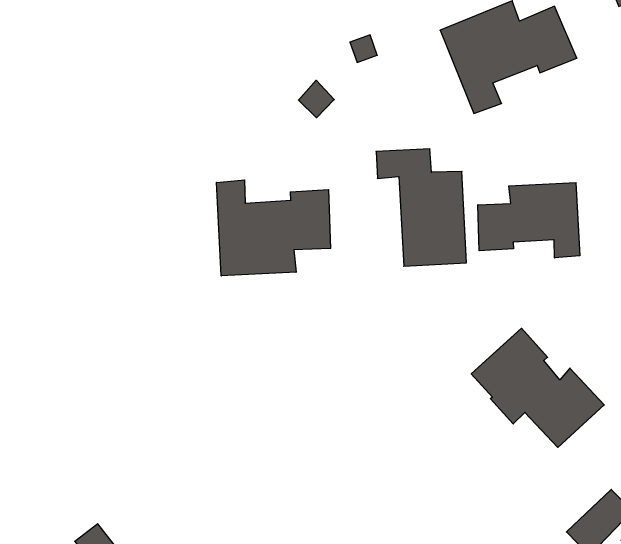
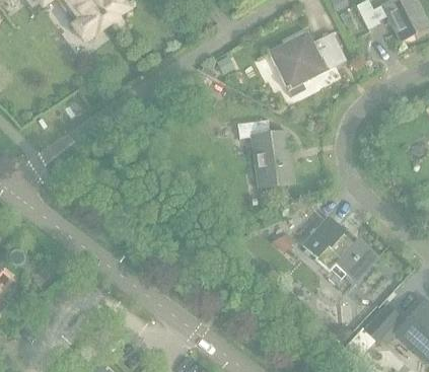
building: [216,180,331,276] -> none
building: [478,183,580,258] -> none

